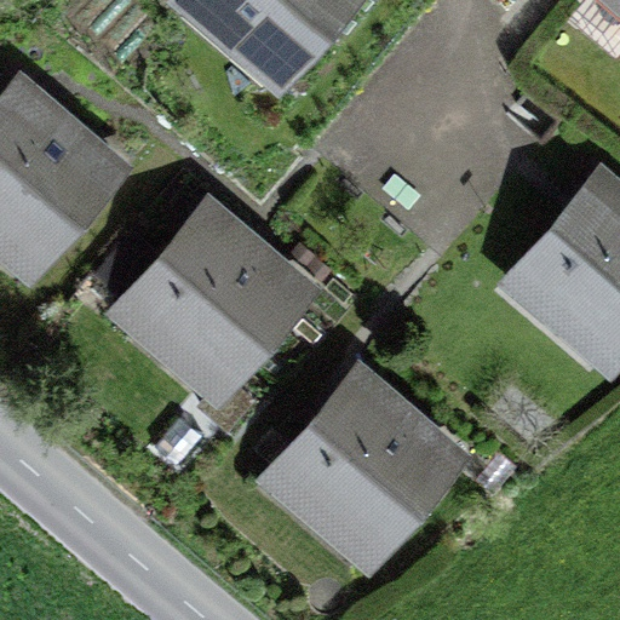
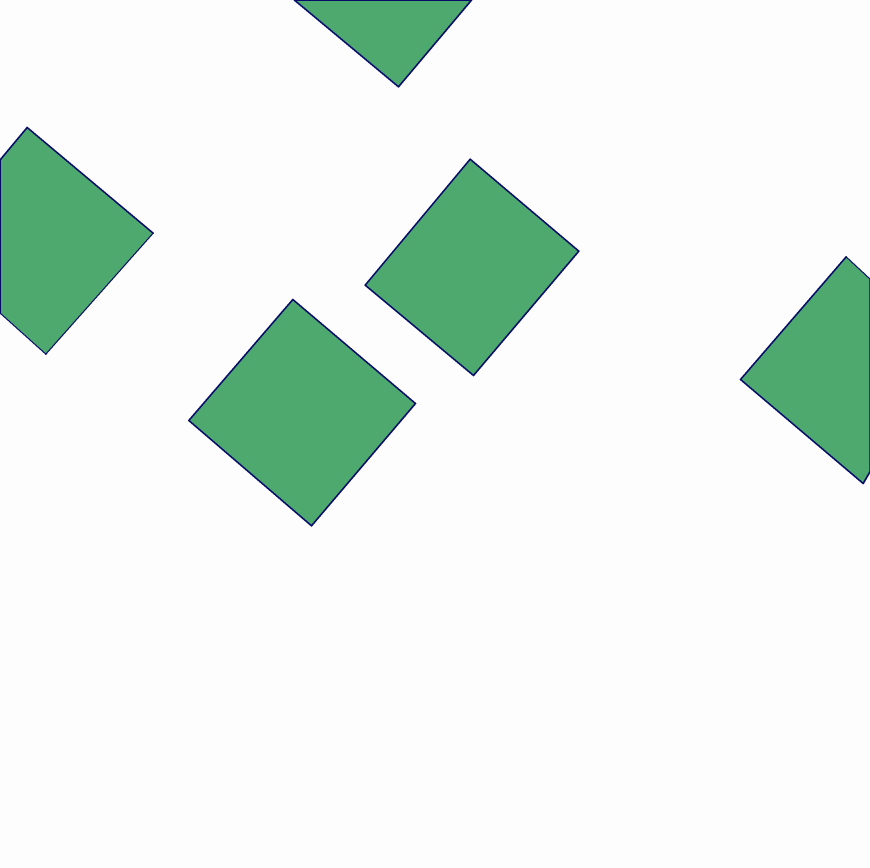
building: none -> [365,159,579,376]
building: [286,380,446,541] -> none

